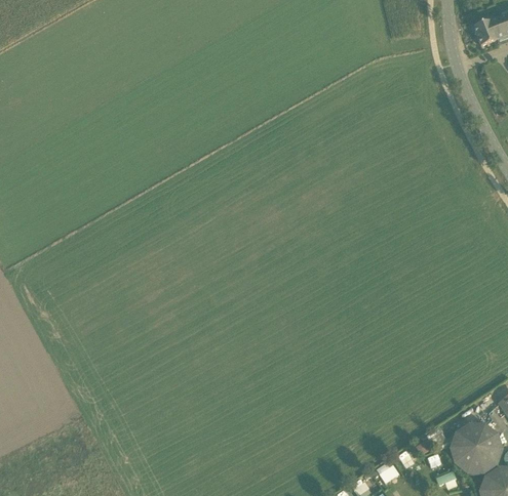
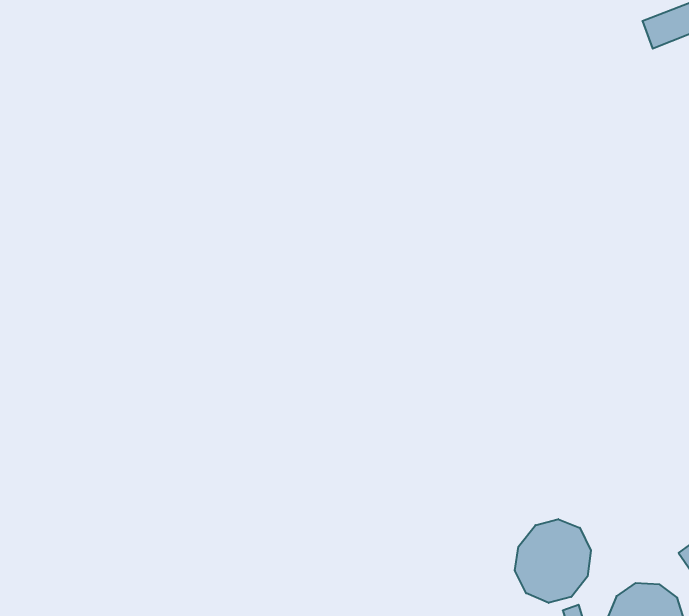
building: none -> [515,519,591,603]

